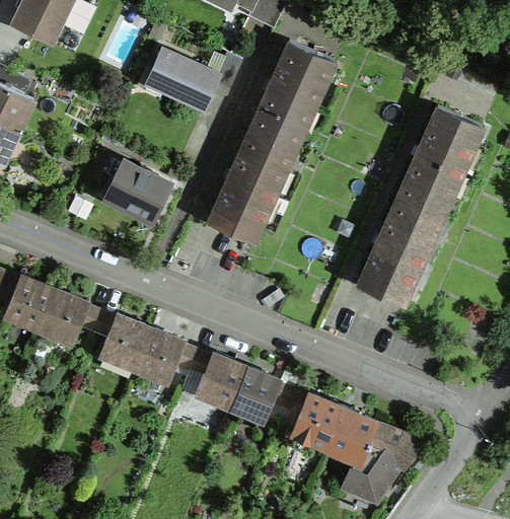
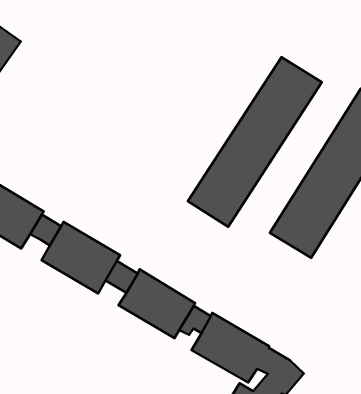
building: [204,44,340,248] -> [188,57,322,227]
building: [146,52,216,109] -> none
building: [100,160,173,229] -> none

